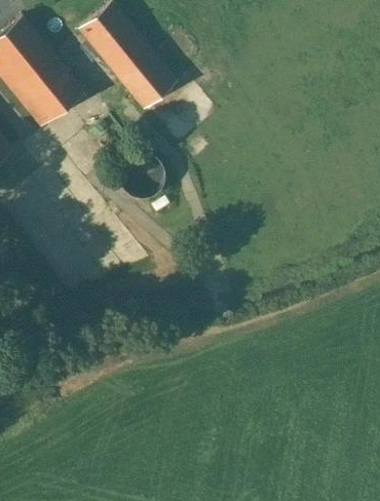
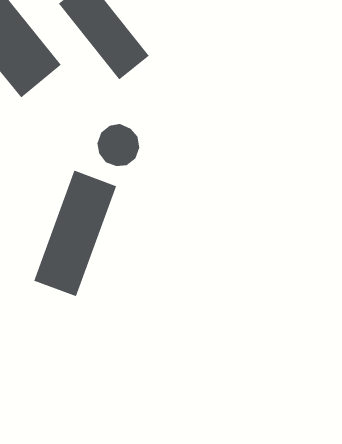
building: none -> [33,170,117,297]

